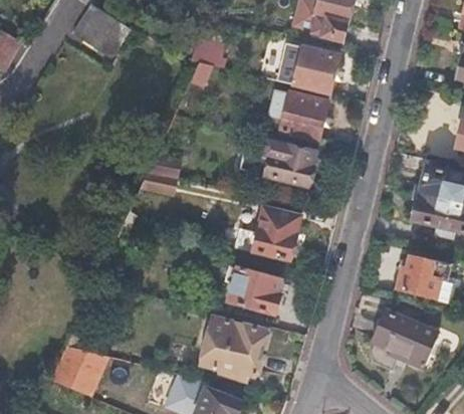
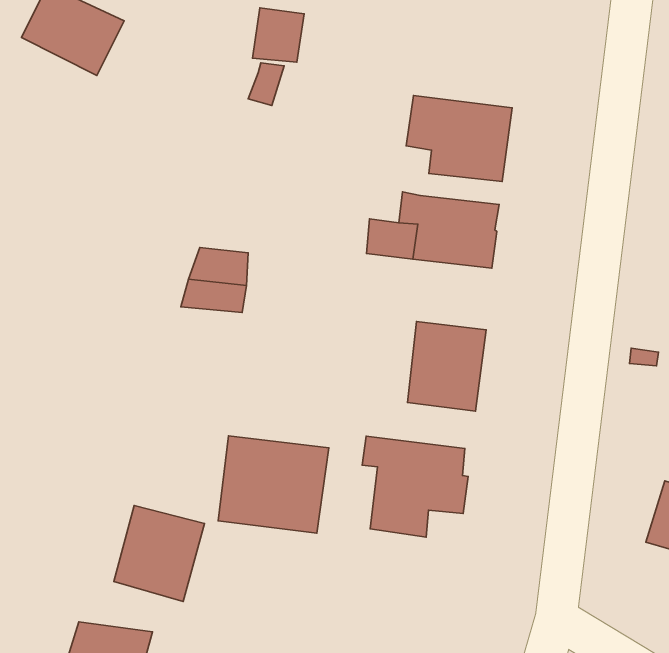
building: [279,44,339,93] -> none
building: none -> [114,505,204,601]
building: [203,319,266,376] -> [218,436,329,533]

